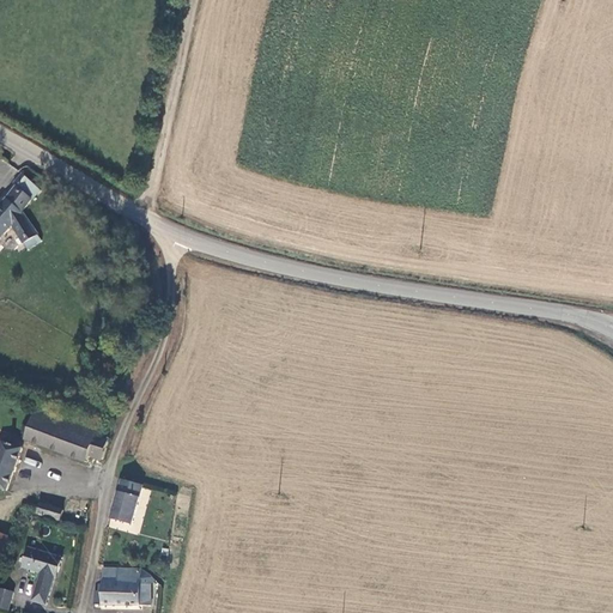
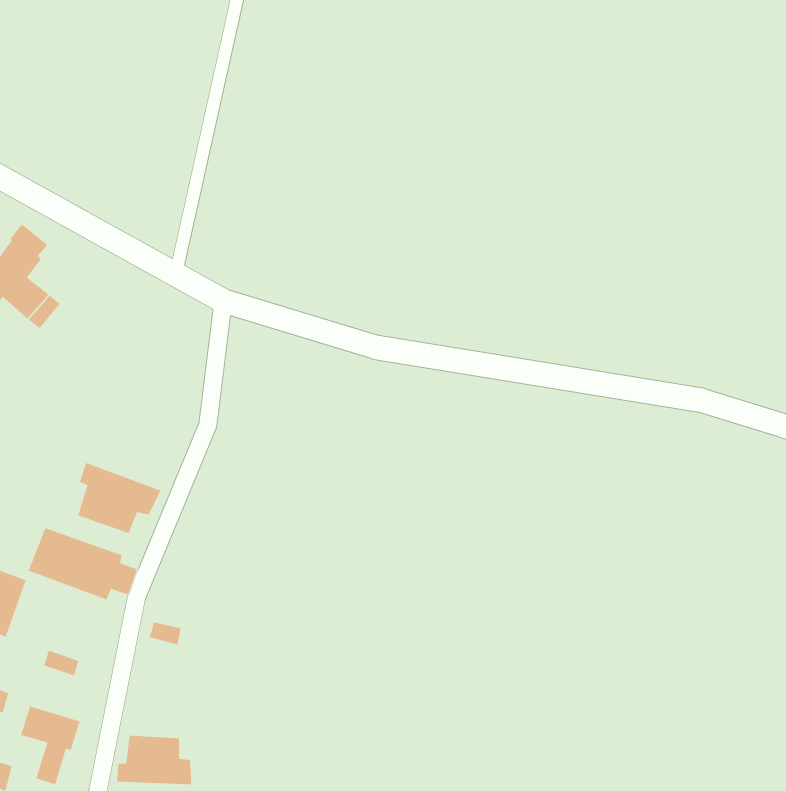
building: none -> [78,462,161,534]
building: [108,492,138,526] -> none

